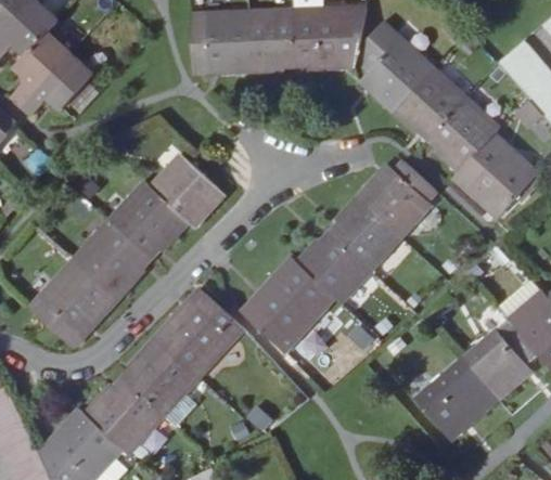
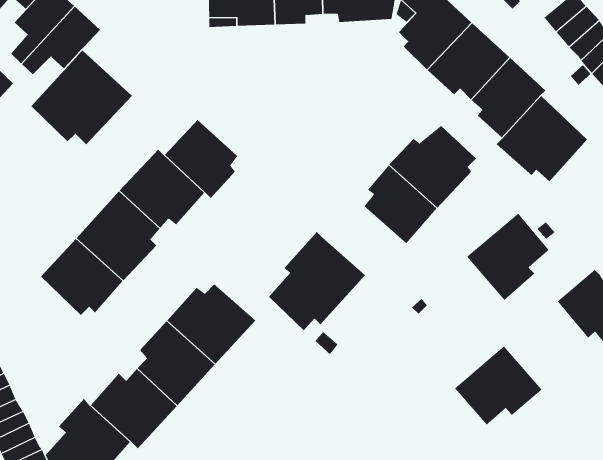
building: none -> [30,50,133,145]
building: [295,234,371,303] -> none
building: [460,321,536,401] -> [466,213,550,301]

